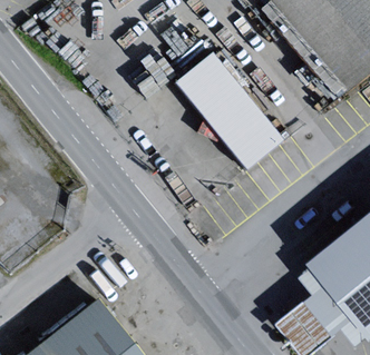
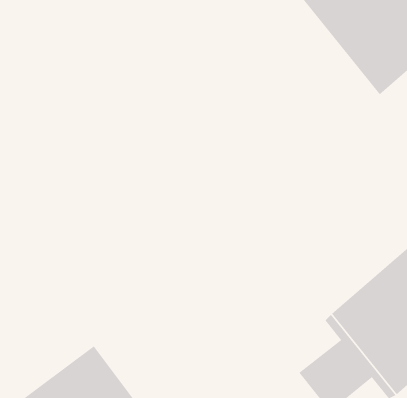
building: [177,53,282,166] -> none

